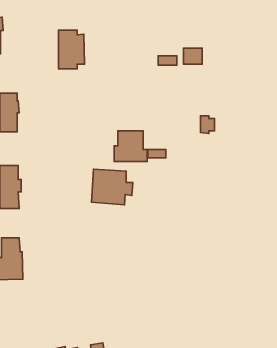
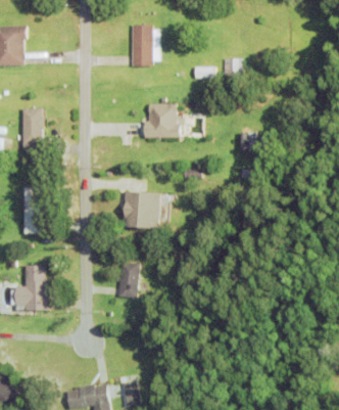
building: [58,30,85,69] -> [132,24,160,65]
building: [114,131,147,162] -> [145,103,181,137]
building: none -> [117,262,140,298]

